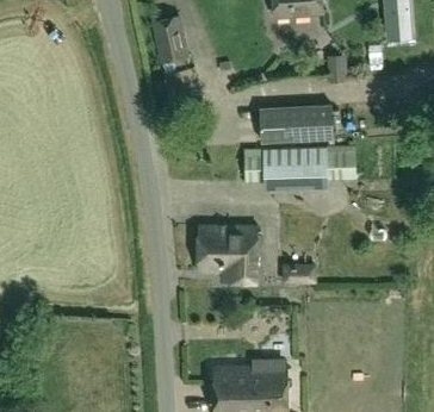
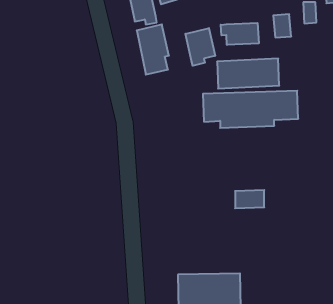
building: none -> [221,23,259,45]
building: none -> [185,28,215,66]
building: [196,226,255,282] -> none

